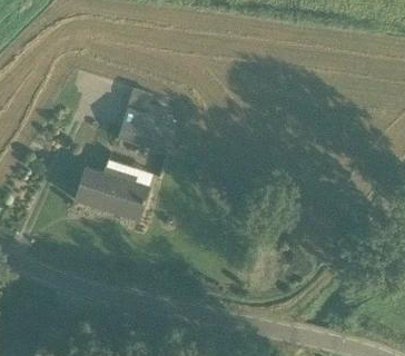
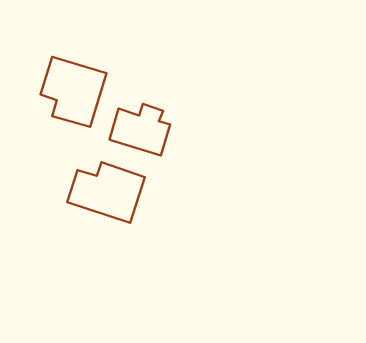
building: none -> [41,57,106,127]

